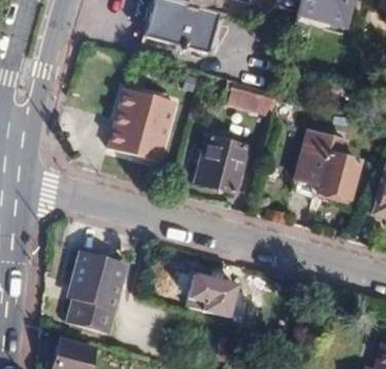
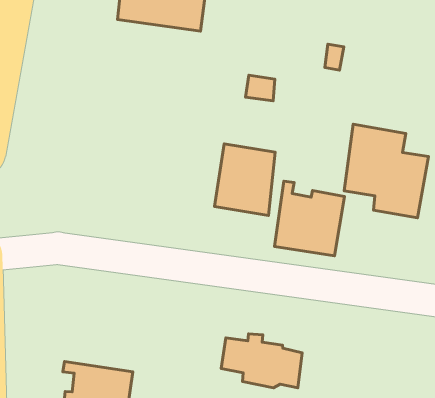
building: [111,86,175,162] -> none
building: none -> [274,181,344,256]
building: [76,252,130,292] -> none

